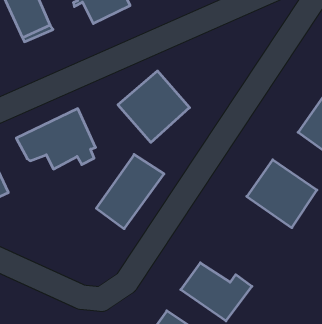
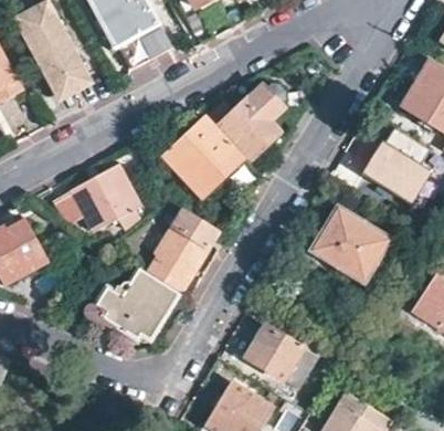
building: none -> [212,84,286,156]
building: none -> [91,269,178,339]

